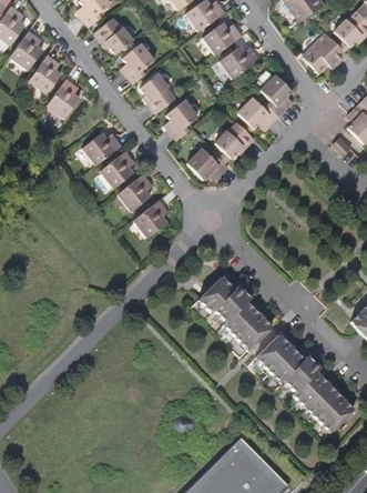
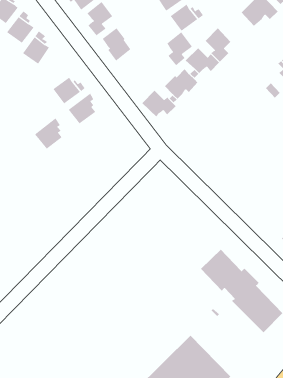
building: [165,99,196,140] -> [167,31,193,66]
building: [118,172,151,210] -> [34,117,63,150]
building: [134,199,166,237] -> none
building: [198,275,271,349] -> none

